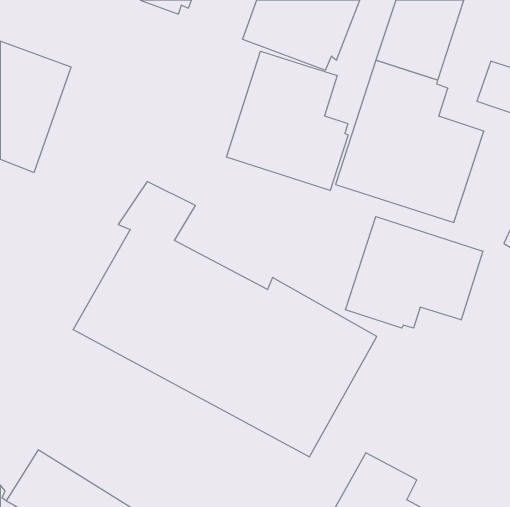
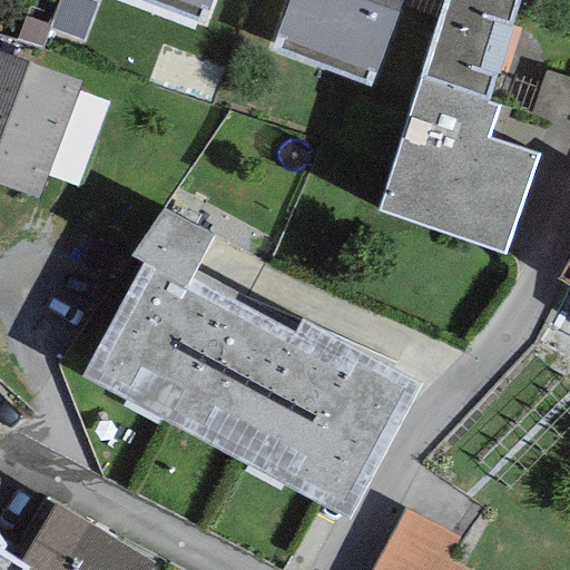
building: [227,51,348,190] -> none
building: [346,217,483,328] -> none

